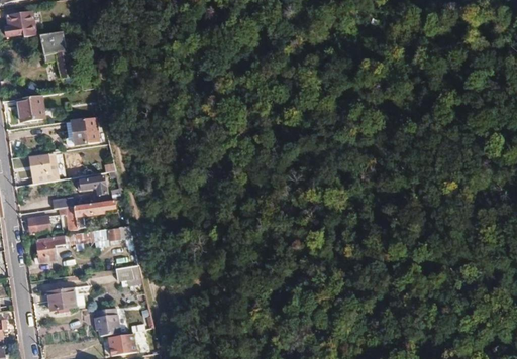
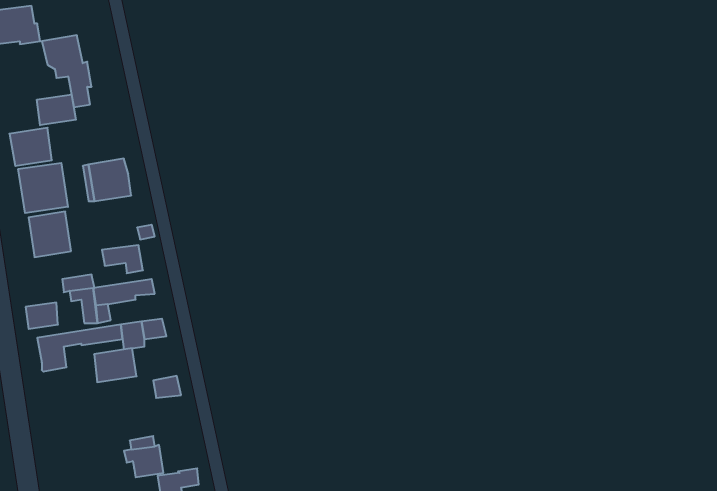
building: none -> [37,94,76,125]
building: none -> [18,163,68,213]
building: [47,287,77,311] -> [94,348,137,382]

